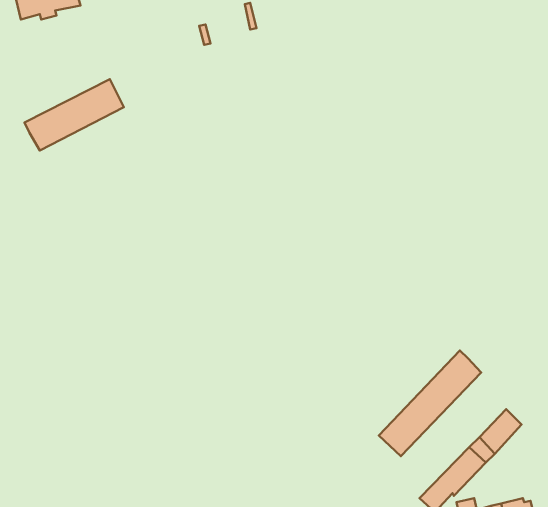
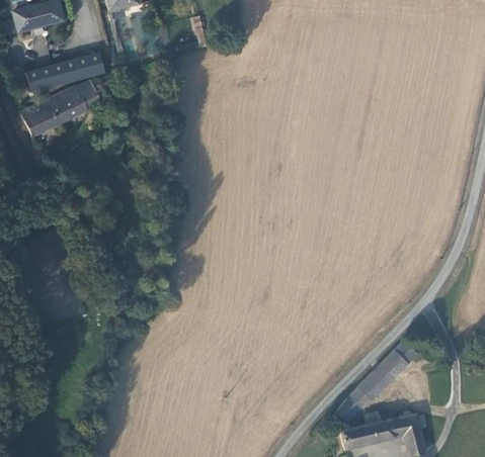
building: none -> [26,53,105,92]
building: [379,351,481,456] -> none

